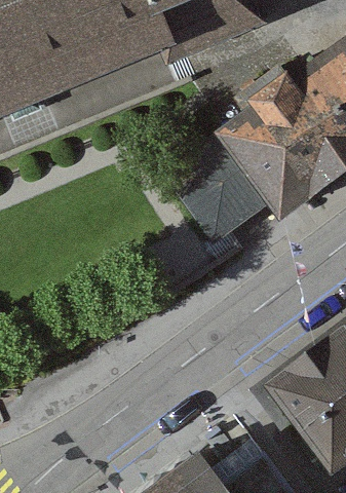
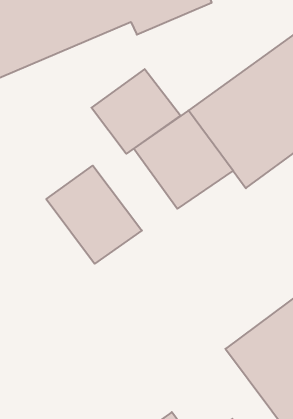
building: none -> [91,69,180,154]
building: none -> [46,166,142,264]

